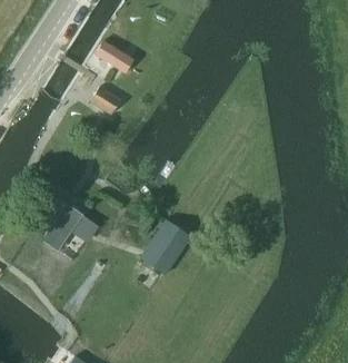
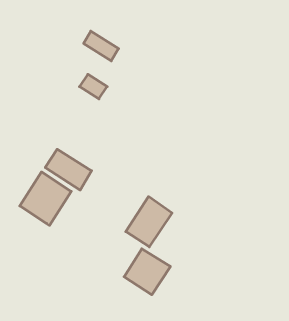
building: none -> [45,149,92,190]
building: none -> [124,249,170,295]

